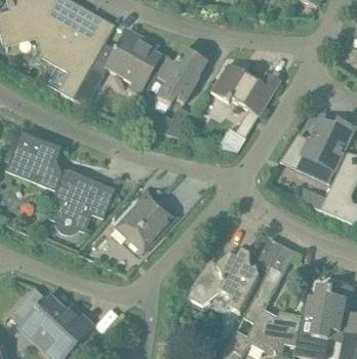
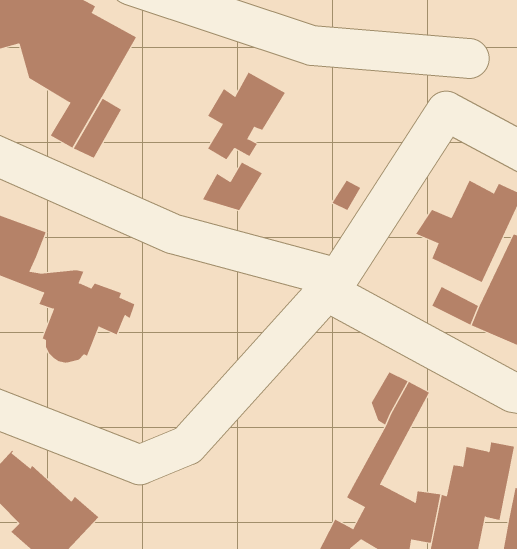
building: [104,34,160,93] -> none
building: [210,63,279,115] -> none
building: [117,185,173,252] -> none
building: [189,248,260,312] -> none

